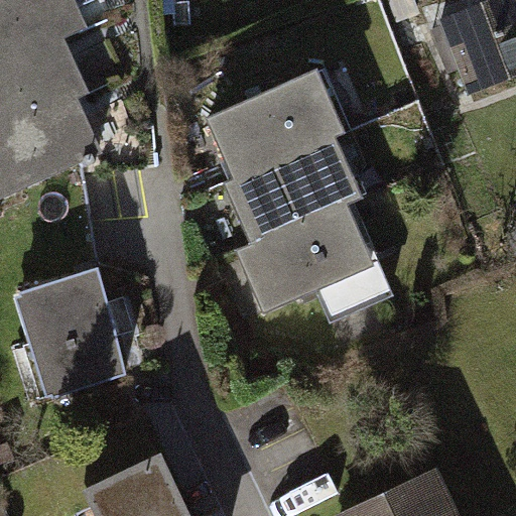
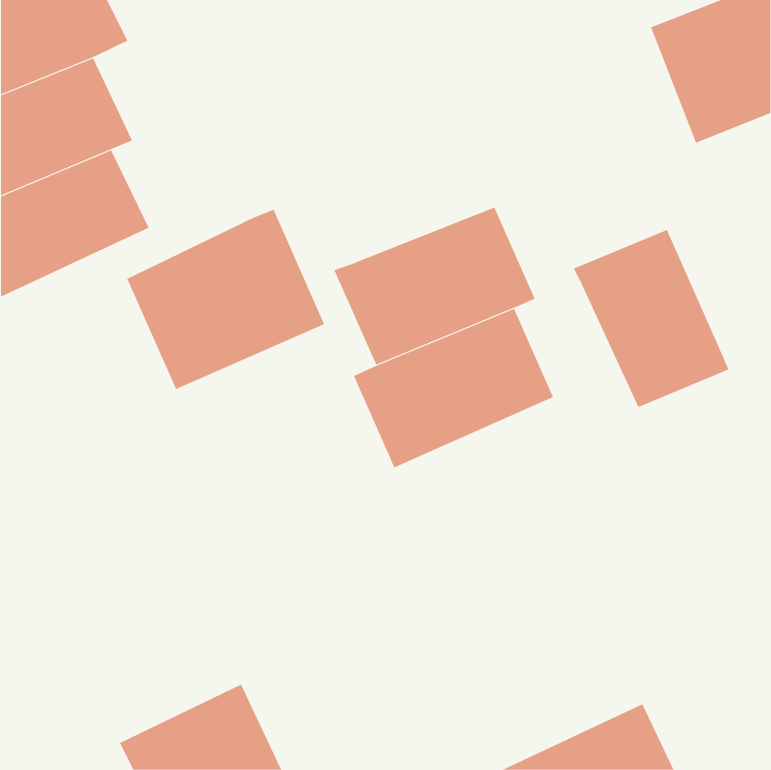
building: [209,71,348,176] -> none
building: none -> [127,209,325,390]
building: none -> [573,229,729,408]
building: [17,270,128,397] -> none

